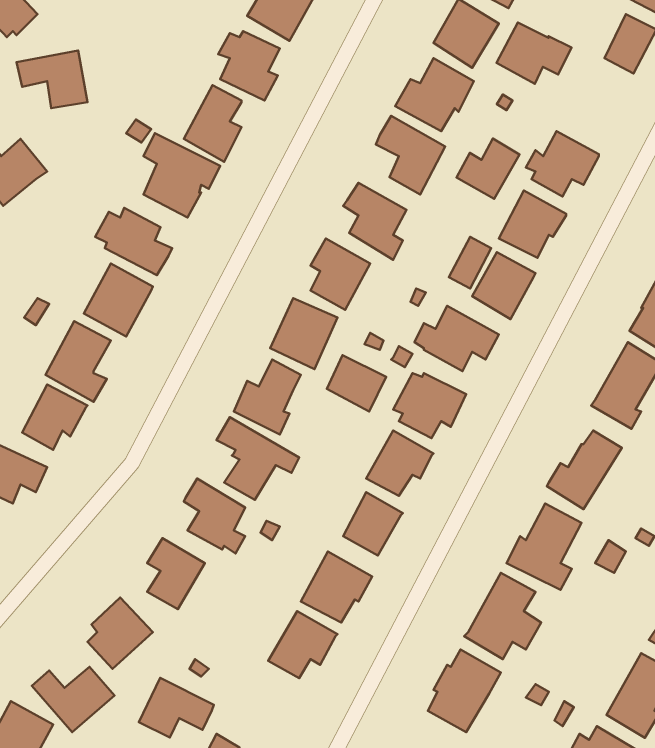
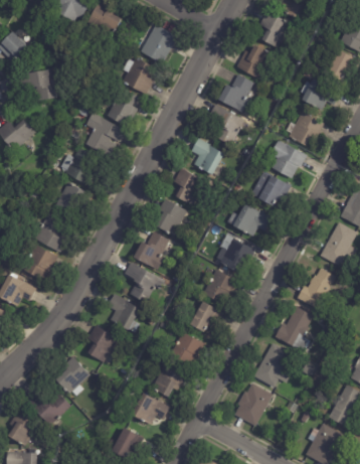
building: [497,23,571,84] -> [302,78,341,110]
building: [456,139,519,199] -> none
building: [327,355,386,411] -> none
building: [139,678,214,737] -> [134,394,173,425]

